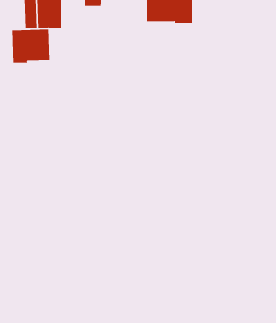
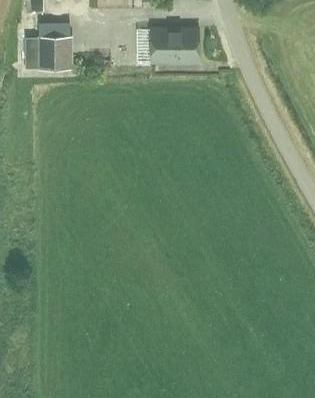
building: [12,28,50,64] -> none

